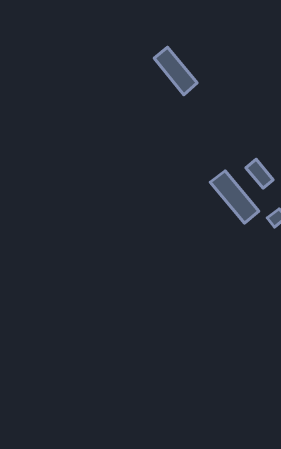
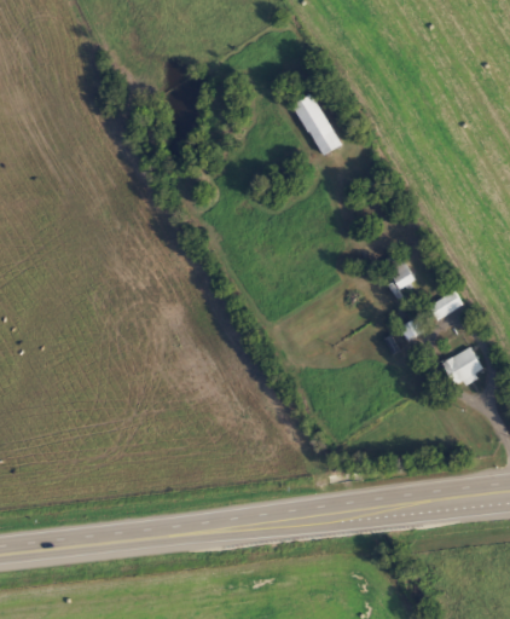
building: [210,171,259,223] -> none

